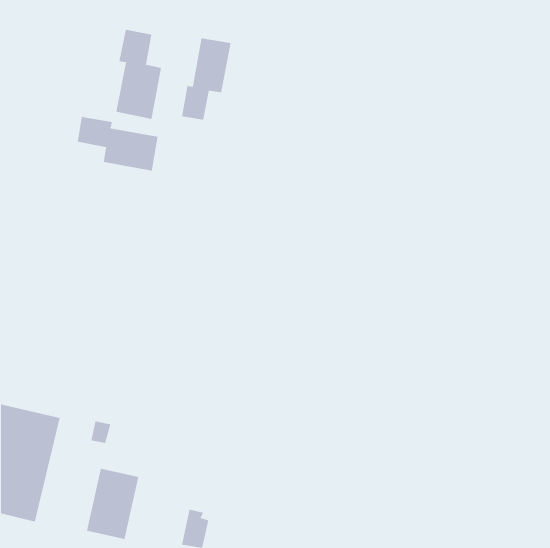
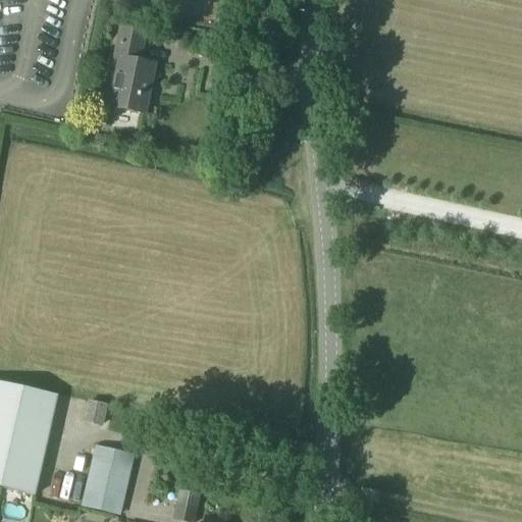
building: [182,38,231,121] -> none
building: [77,116,158,172] -> none

